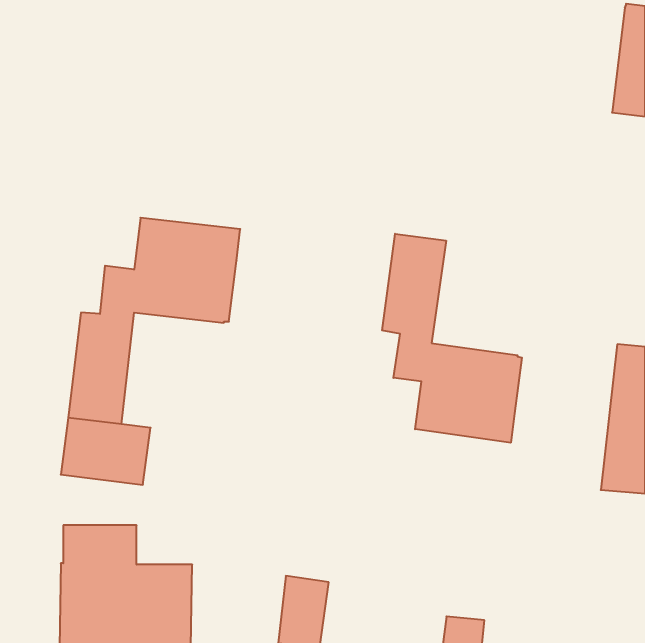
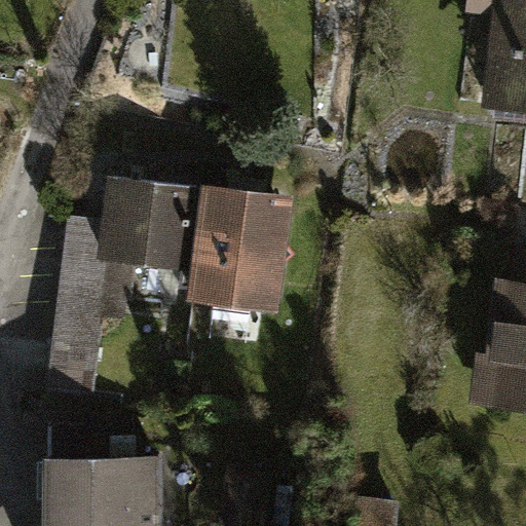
building: none -> [179,189,288,314]
building: [382,234,522,443] -> none

